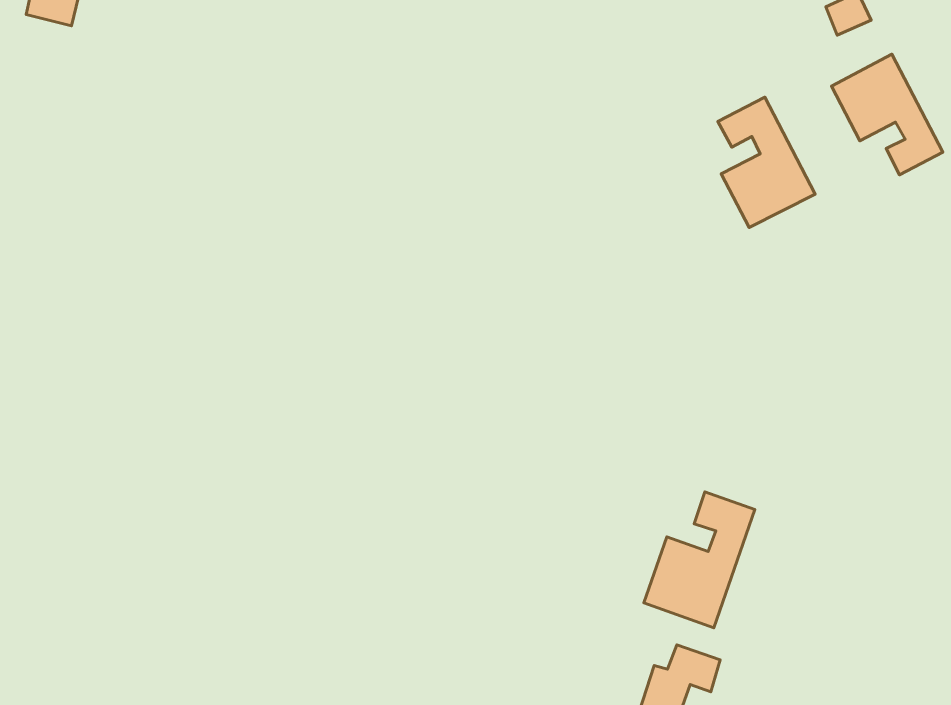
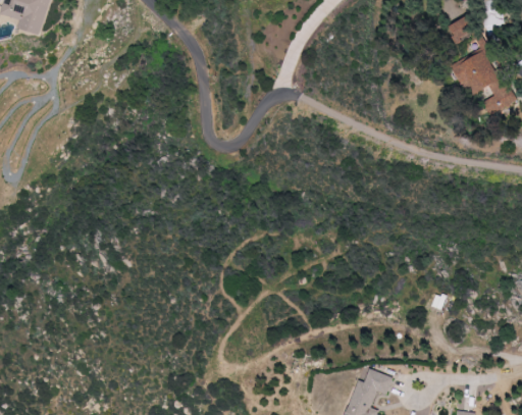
building: [718,97,815,228] -> none
building: [644,492,755,628] -> none

